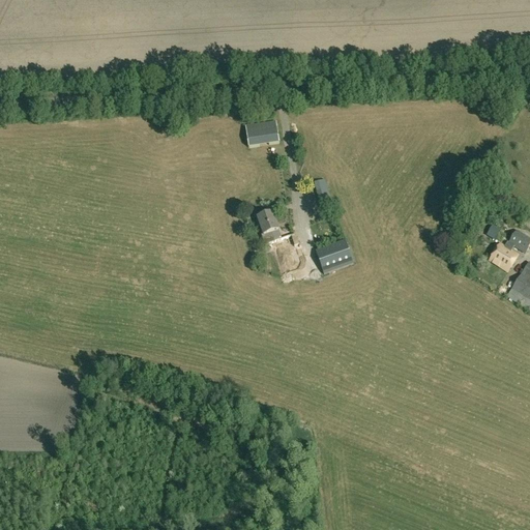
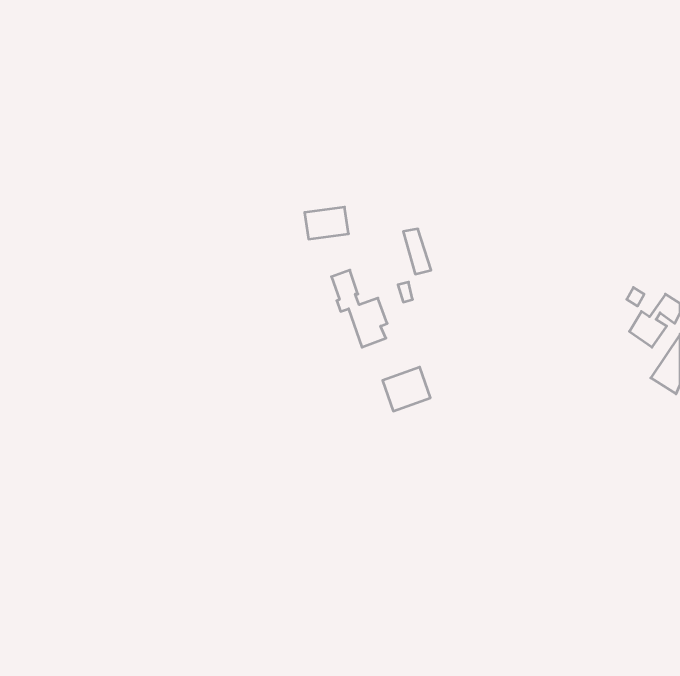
building: [245,120,279,145] -> [305,207,349,239]
building: [316,238,353,272] -> [383,367,430,411]

